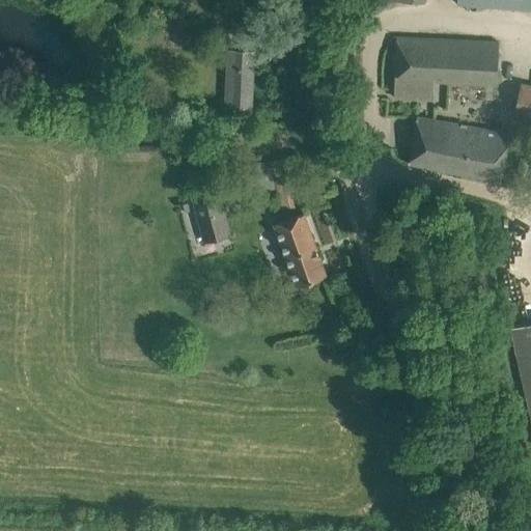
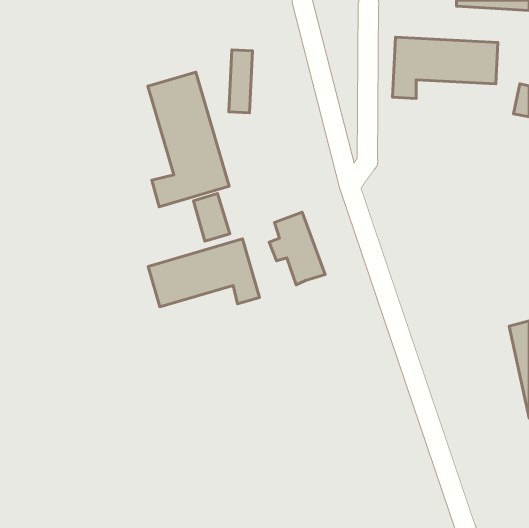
building: none -> [148,72,229,207]
building: [409,118,509,184] -> none
building: none -> [148,239,260,307]

